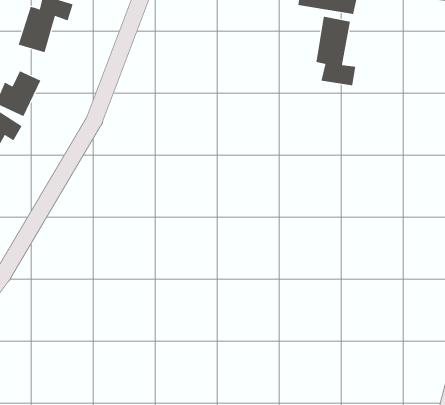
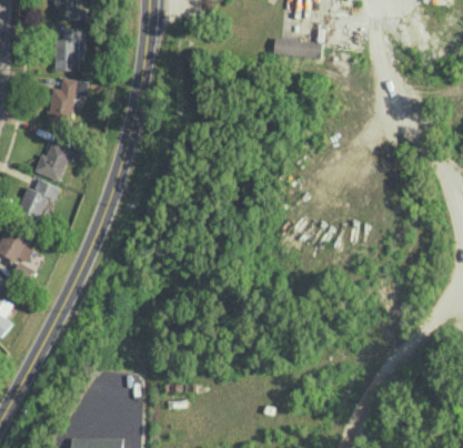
building: [316,16,356,86] -> none

